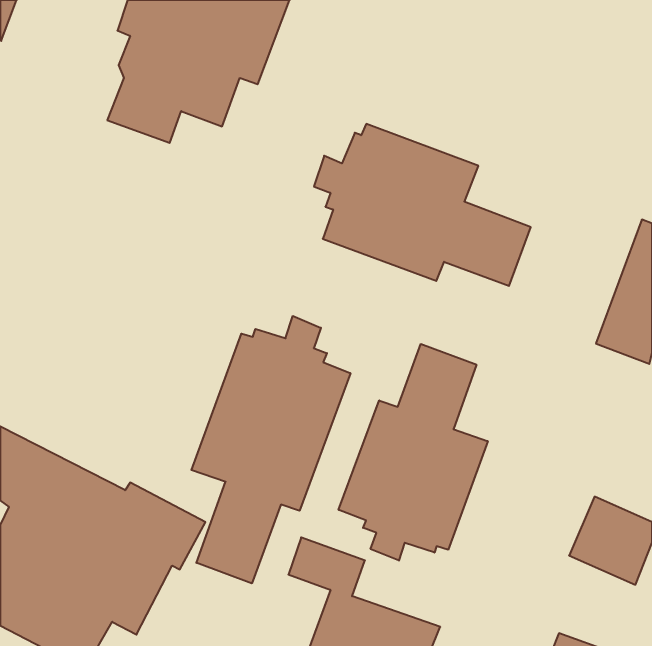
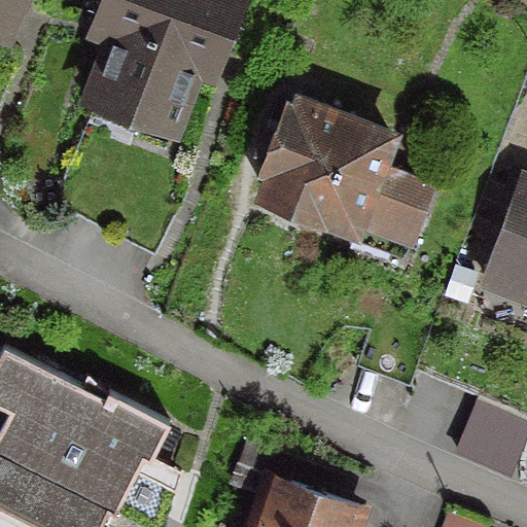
building: [191,316,350,583] -> none
building: [339,344,488,561] -> none

